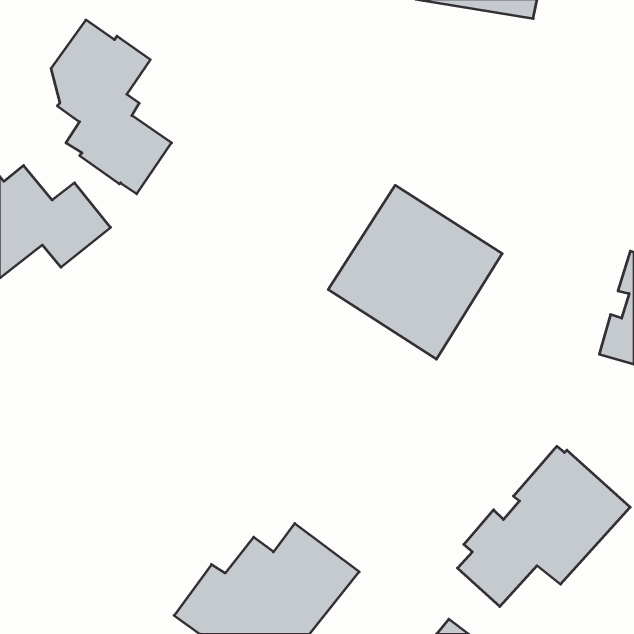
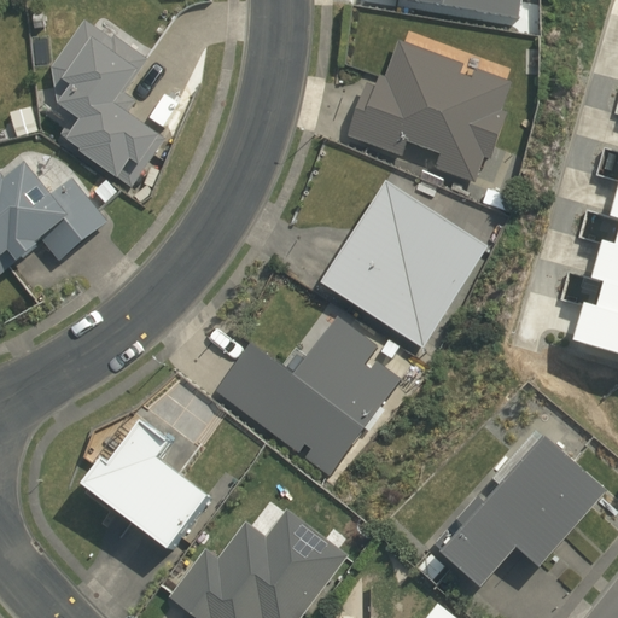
building: none -> [346,41,513,182]
building: none -> [216,307,401,476]
building: none -> [78,420,208,549]

